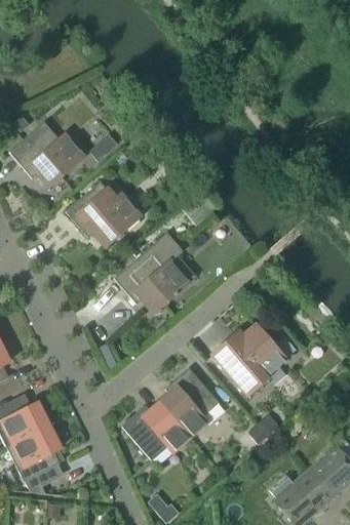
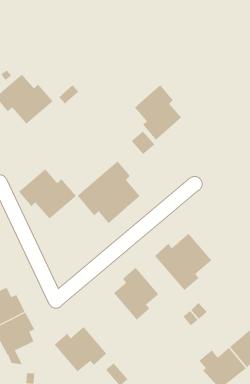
building: none -> [134,85,182,140]
building: [66,180,141,245] -> [18,169,77,219]
building: [122,401,190,459] -> [54,326,107,372]

